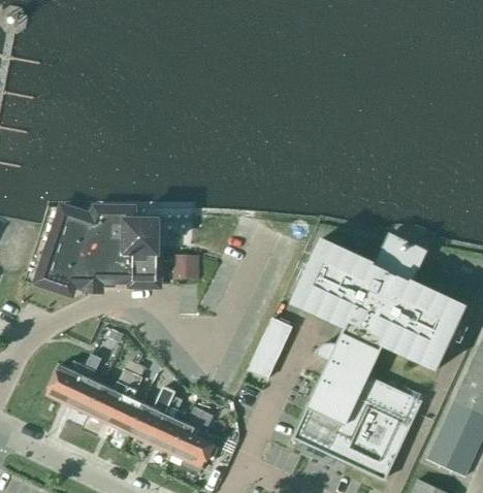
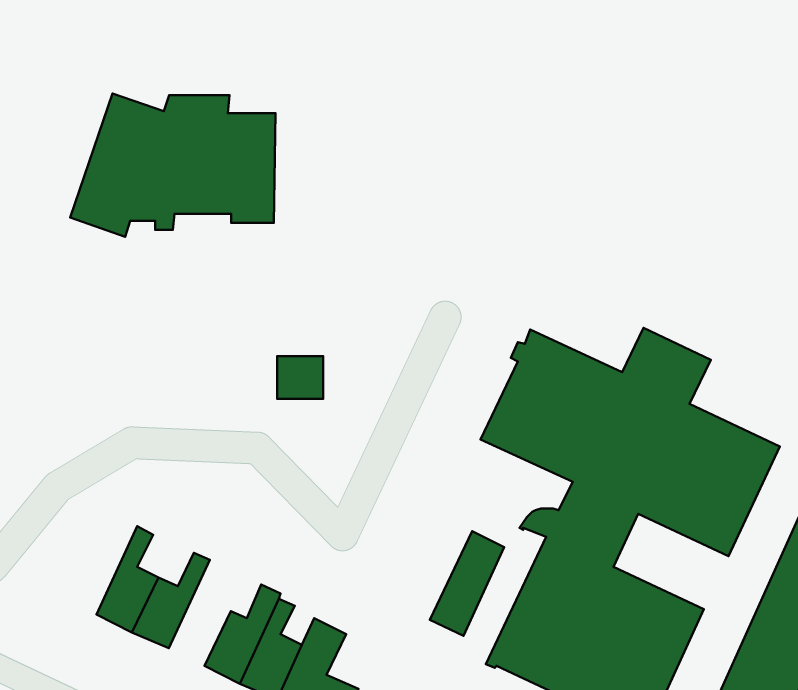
building: [38,208,158,292] -> [70,94,276,237]
building: [248,318,291,379] -> [430,531,504,636]
building: [45,350,90,404] -> none
building: [109,372,146,434] -> none

